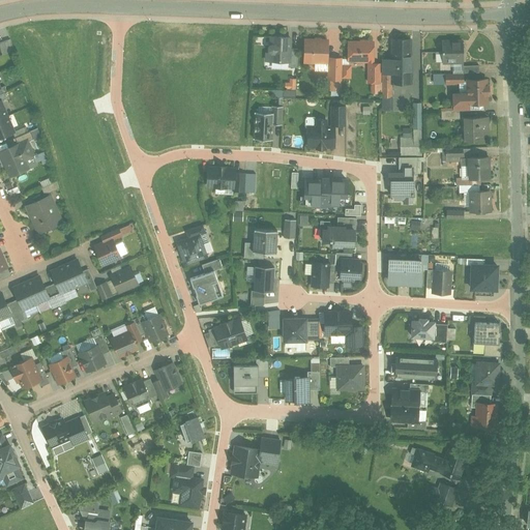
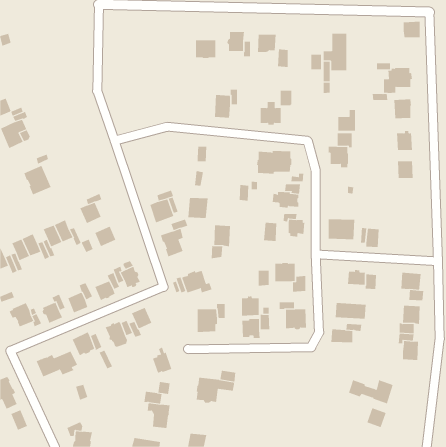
building: [349,40,372,62] -> none
building: [442,41,463,61] -> [403,21,420,38]
building: none -> [196,39,216,59]
building: [207,167,234,187] -> none
building: [253,229,277,254] -> [187,197,208,218]
building: [471,264,497,289] -> none
building: [284,317,305,341] -> [241,296,259,316]
building: [390,405,418,421] -> none

